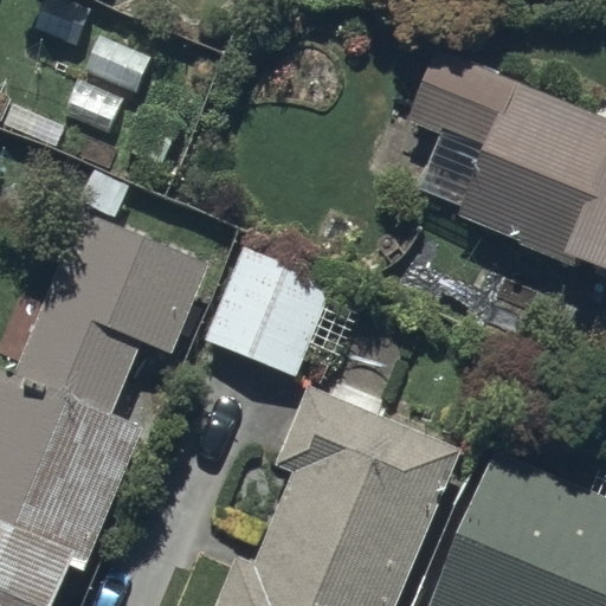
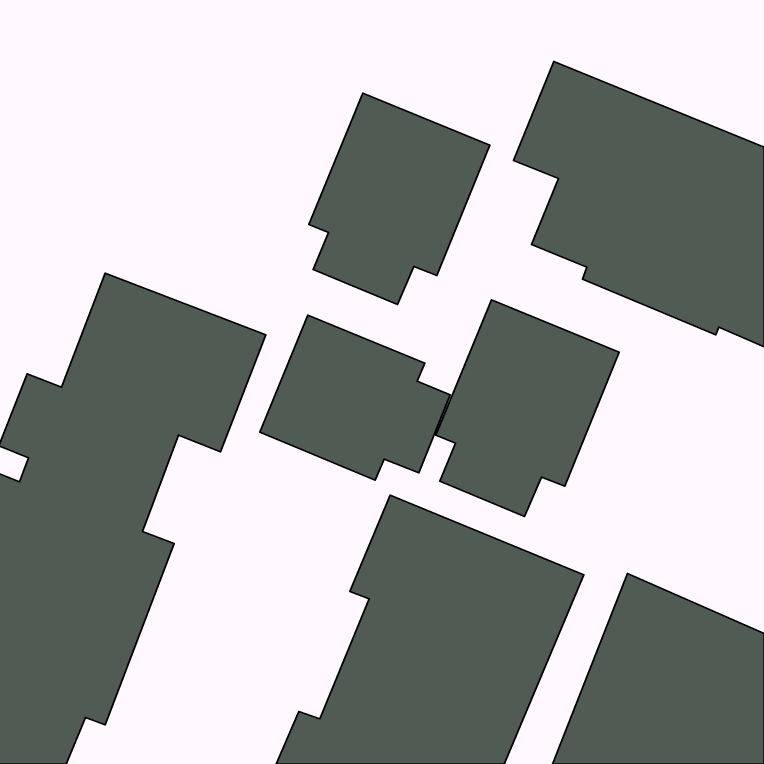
building: none -> [309,93,490,305]
building: none -> [436,300,619,517]

